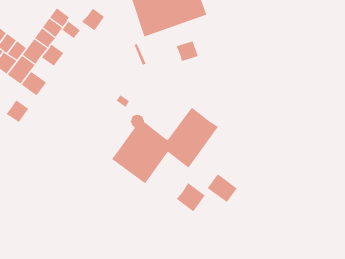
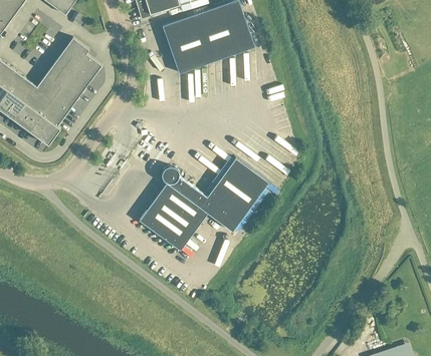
building: [82,8,105,31] -> [65,64,93,92]
building: [176,41,198,62] -> none
building: [6,100,29,123] -> [41,97,69,125]
building: [207,174,237,203] -> none
building: [176,182,205,212] -> none

